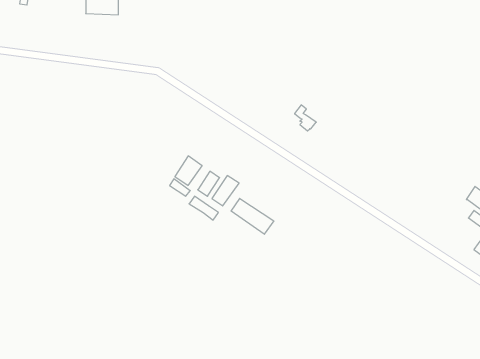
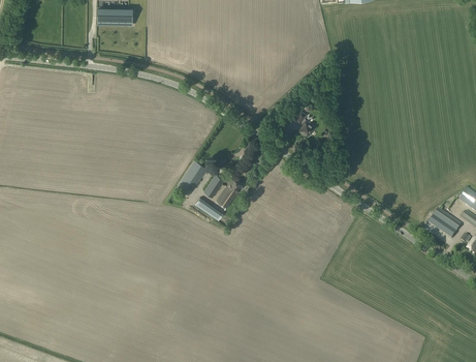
building: [231,198,274,234] -> none
building: none -> [427,208,461,238]

